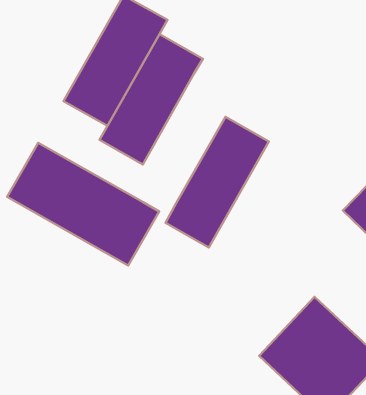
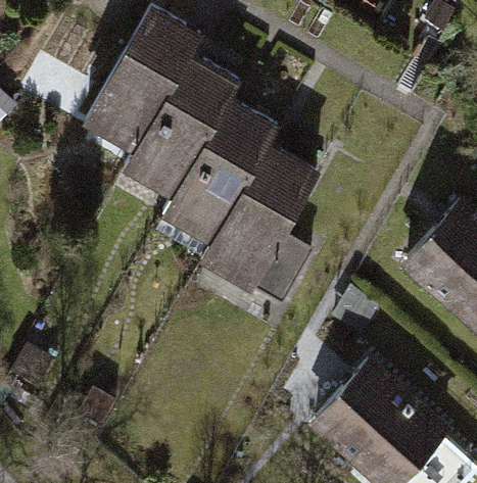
building: none -> [165,97,285,247]
building: [7,143,159,266] -> none

